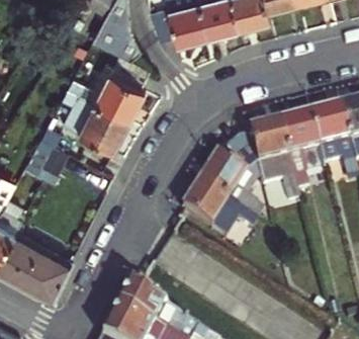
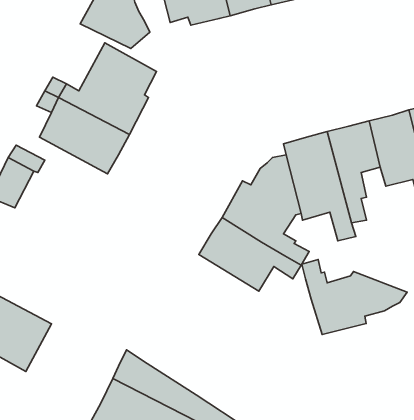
building: none -> [302,260,407,335]

